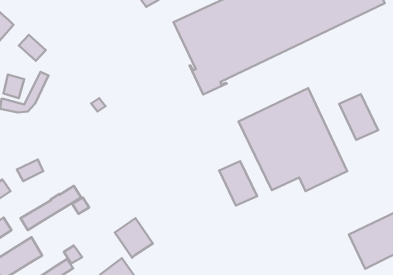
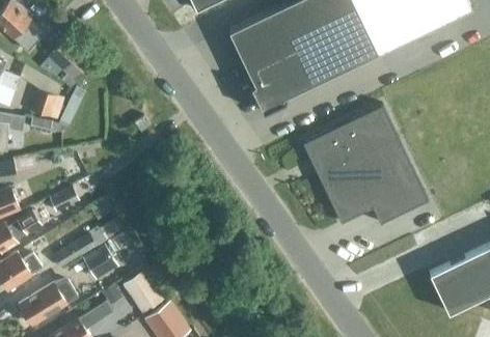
building: [339,94,378,140] -> none
building: [219,161,257,205] -> none
building: none -> [84,248,118,282]
building: [115,218,153,258] -> [122,269,166,314]

